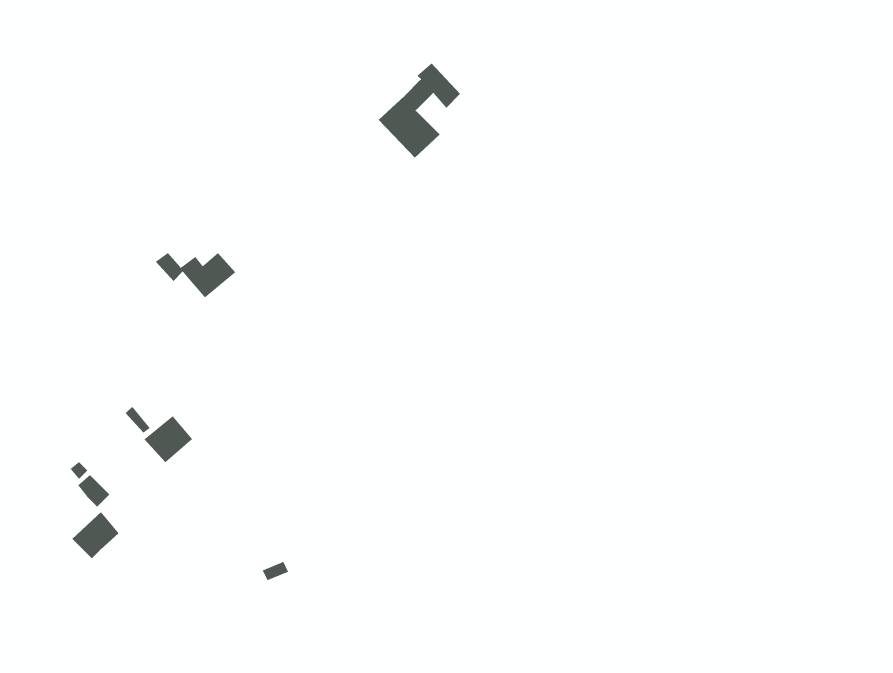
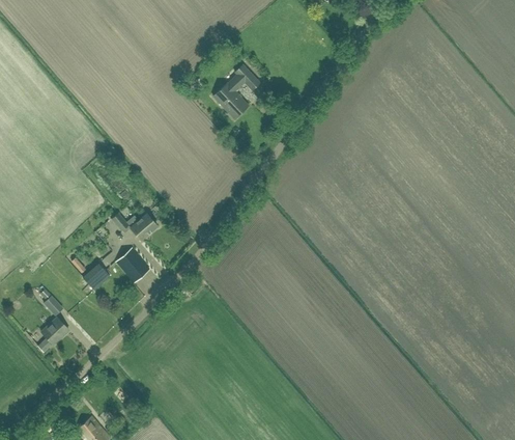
building: [155,252,236,298] -> [112,214,158,240]
building: none -> [116,248,150,282]

